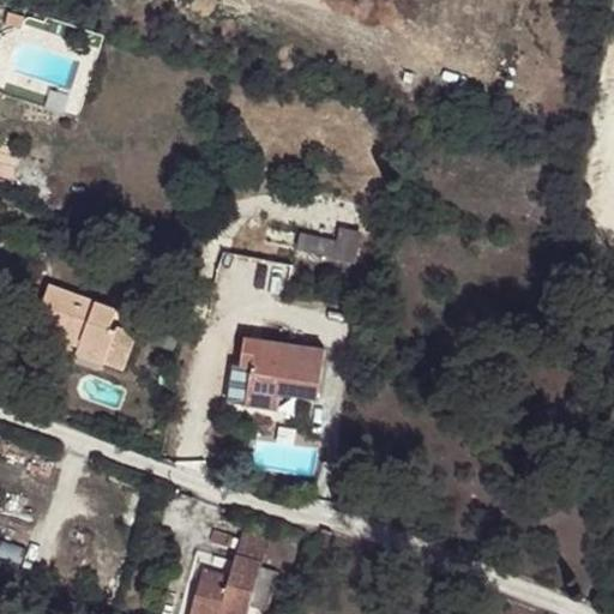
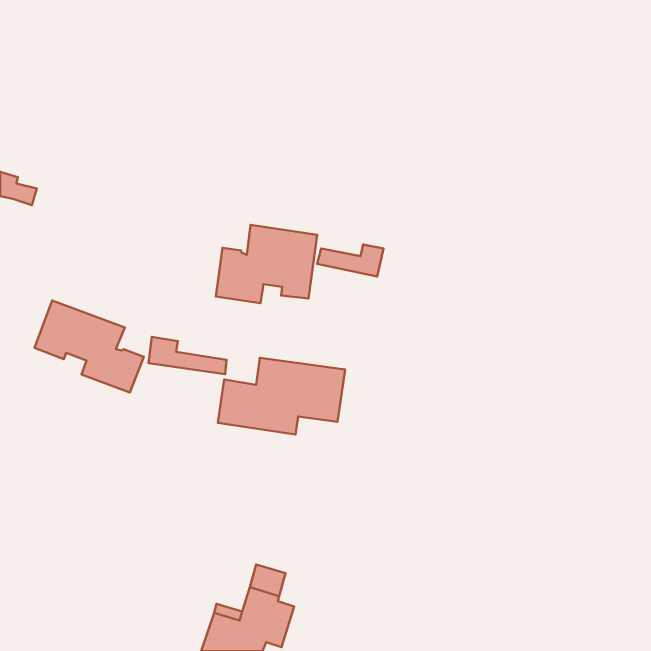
building: none -> [216,225,317,303]
building: none -> [149,337,226,374]

